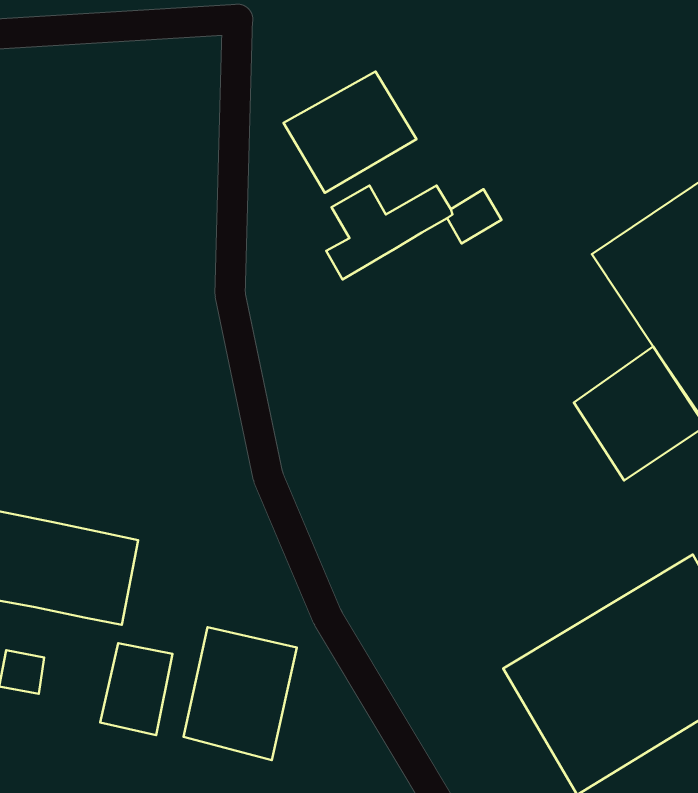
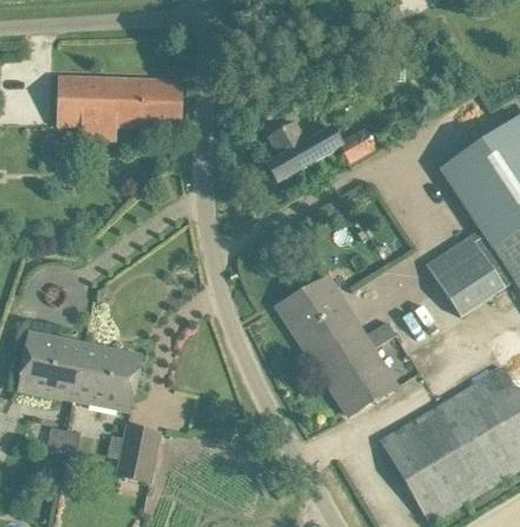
building: [284,72,416,193] -> none
building: none -> [57,76,183,128]
building: none -> [277,277,397,414]
building: [184,627,297,760] -> none

